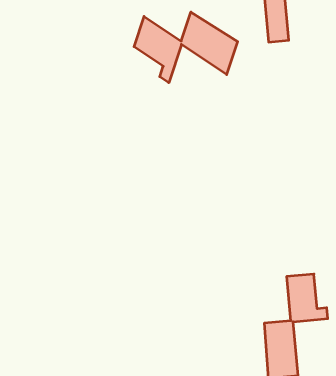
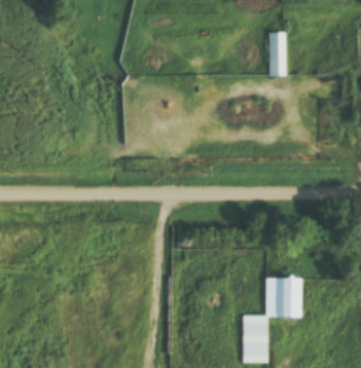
building: [134,12,238,83] -> none

